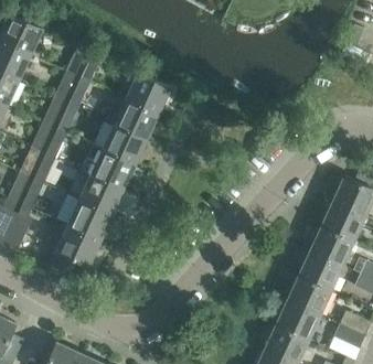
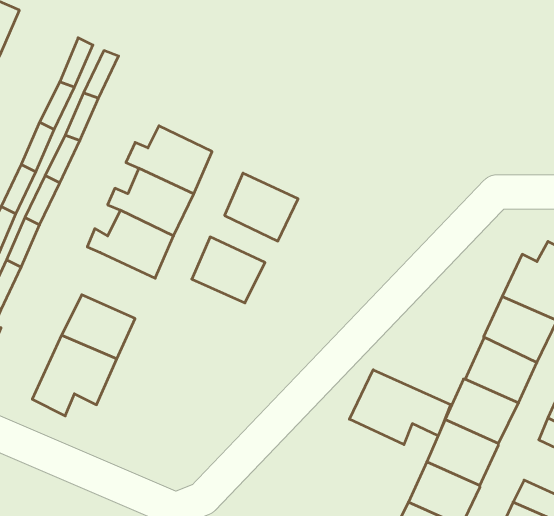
building: [126,73,170,114] -> [225,173,298,241]
building: [79,174,124,214] -> [192,237,265,303]
building: none -> [349,370,450,445]

